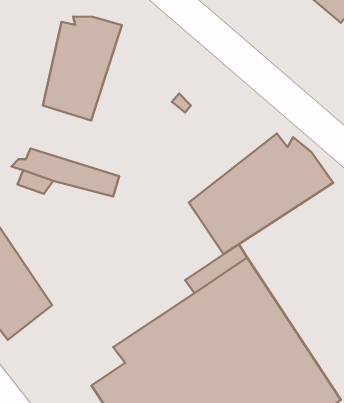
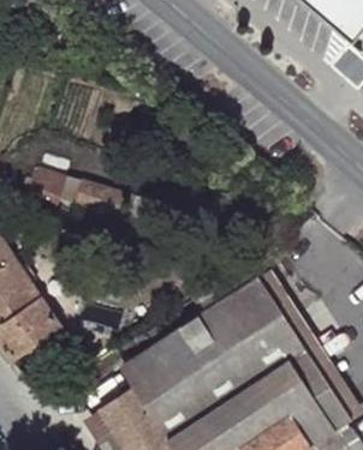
building: [43,16,122,121] -> none
building: [189,134,333,254] -> none

